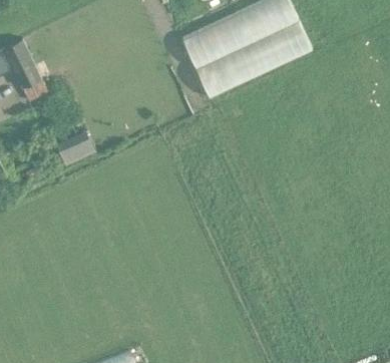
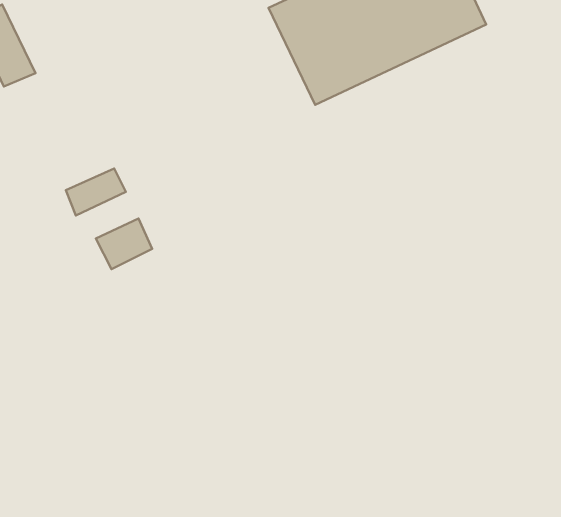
building: none -> [96,218,152,269]

